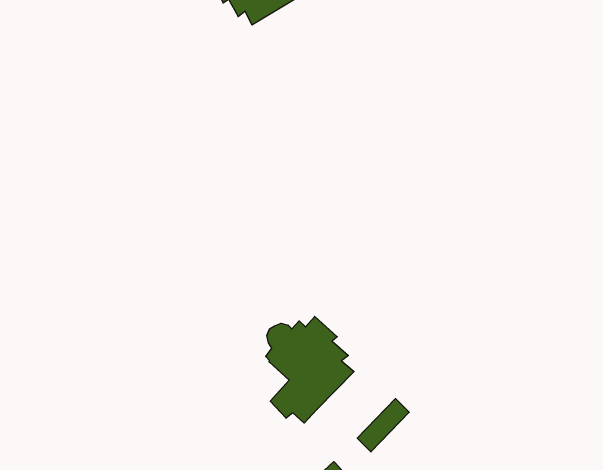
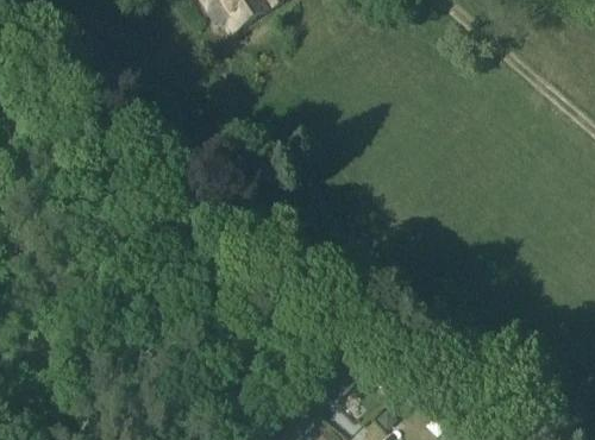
building: [266,316,354,423] -> none

